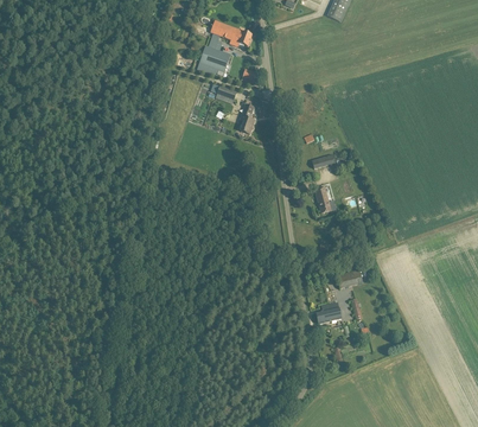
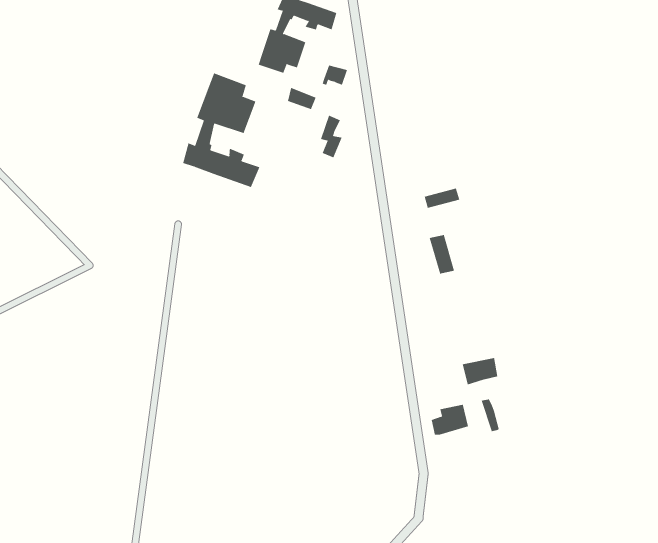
building: none -> [182,73,260,188]

